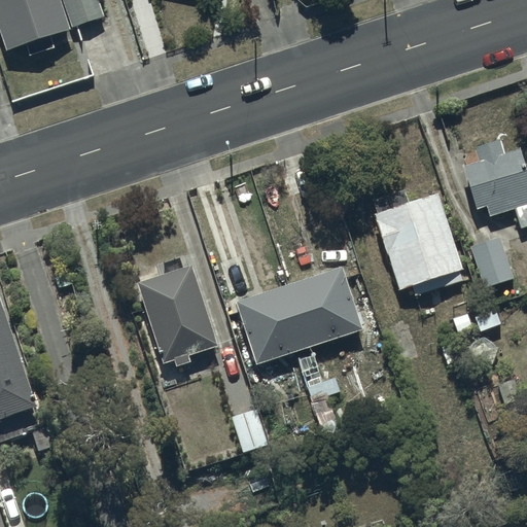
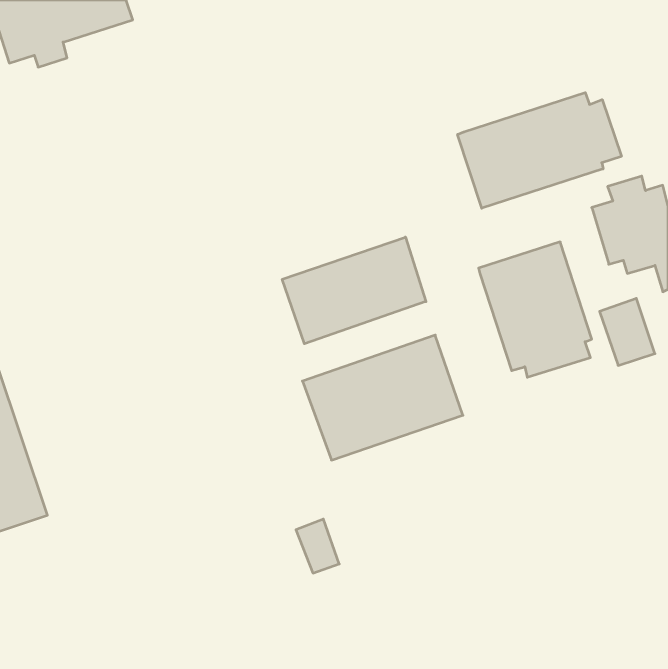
building: none -> [458,93,621,208]
building: none -> [282,237,426,344]
building: [137,264,219,364] -> none

